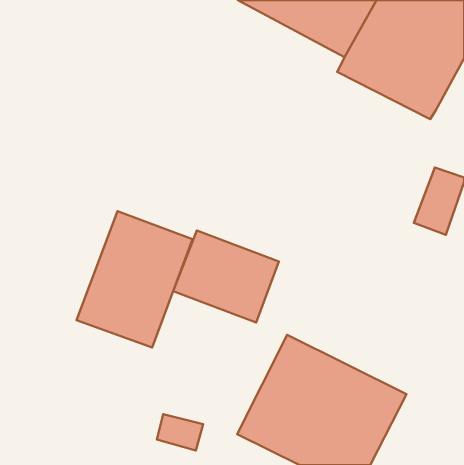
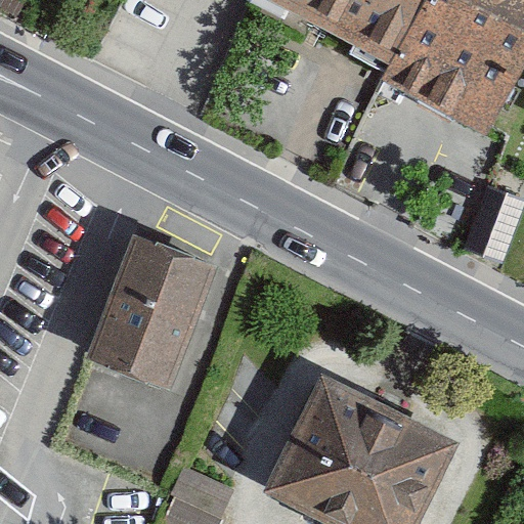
building: [173,230,279,322] -> none

